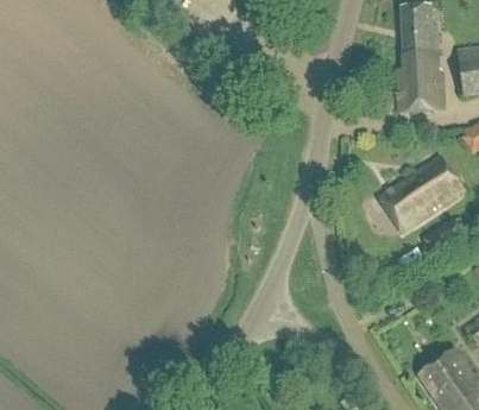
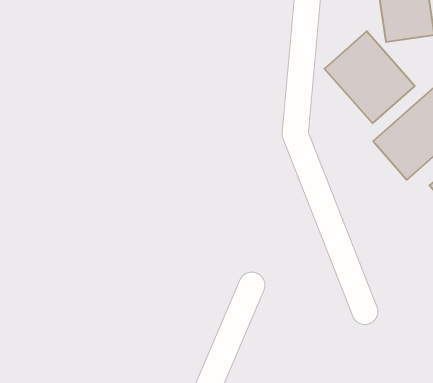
building: none -> [324,31,415,123]

